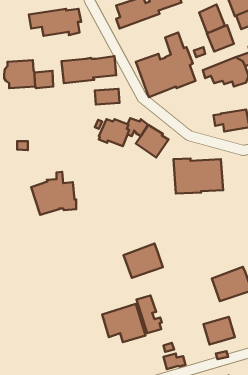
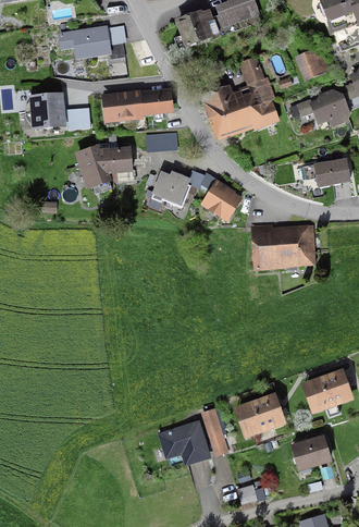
building: [199,5,225,32] -> none
building: [31,172,76,215] -> [75,132,135,189]
building: [124,244,163,278] -> [234,392,286,438]

